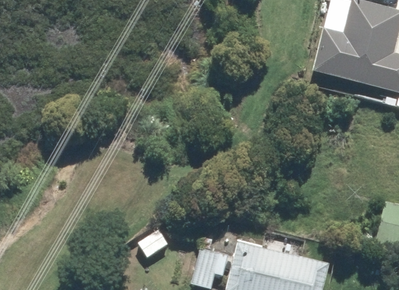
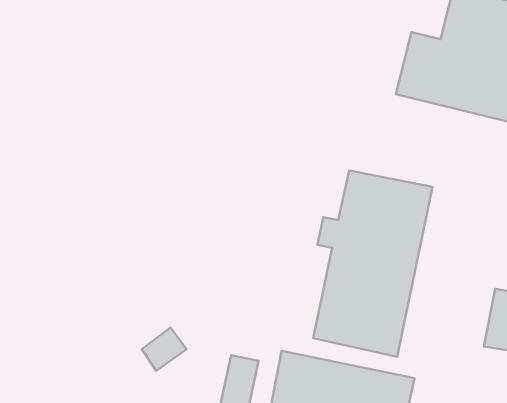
building: none -> [313,171,432,357]

